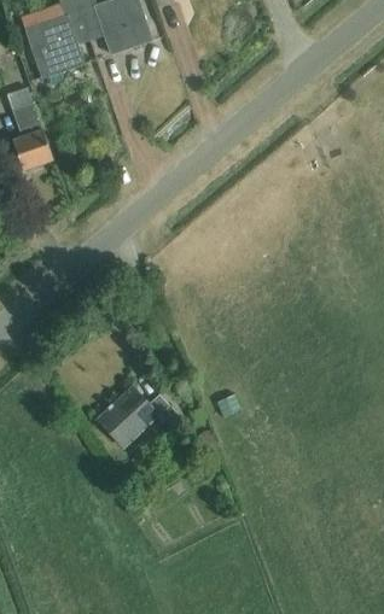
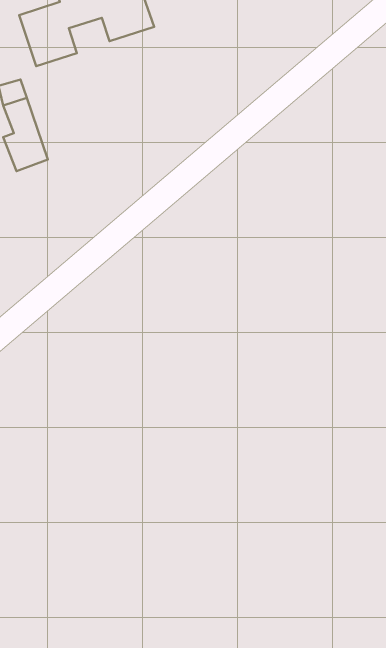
building: [97,387,171,446] -> none

